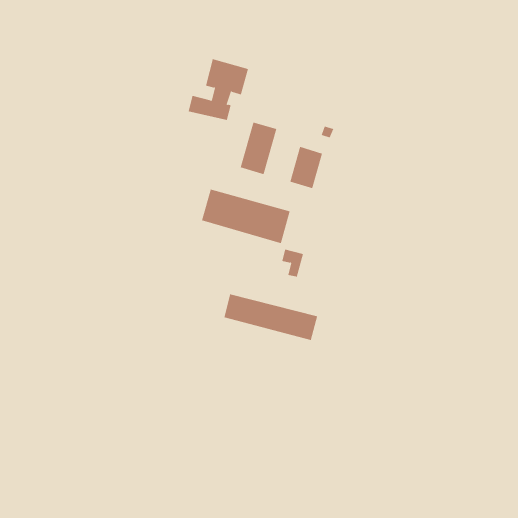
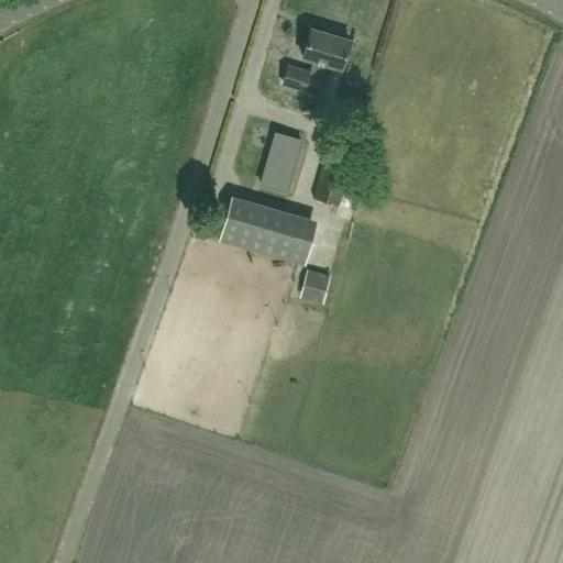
building: [188,59,249,121] -> [286,27,352,95]
building: [224,293,318,341] -> none

